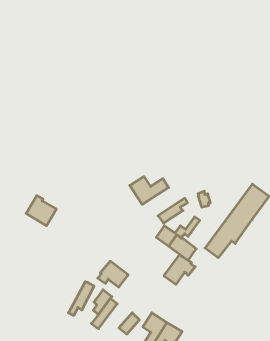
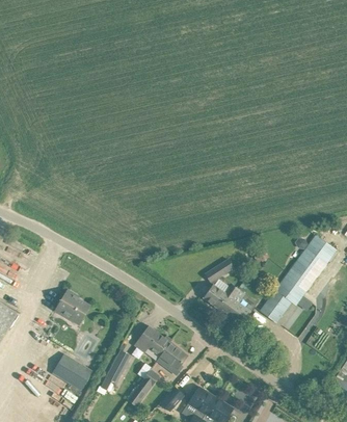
building: [130,177,169,204] -> none
building: [26,196,56,226] -> [55,290,90,325]
building: [164,255,195,284] -> none
building: none -> [157,343,187,375]
building: none -> [50,352,92,391]

